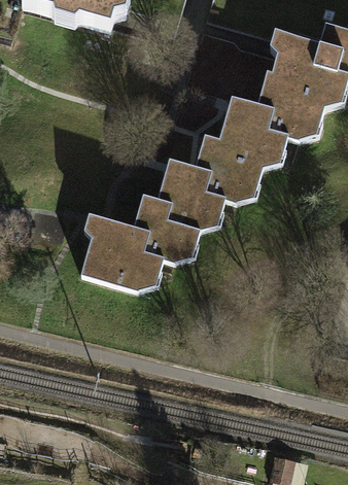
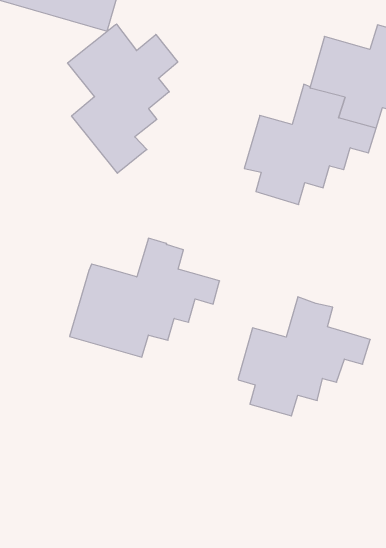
building: none -> [68,24,178,173]
building: [156,137,262,232] -> [238,297,370,416]

